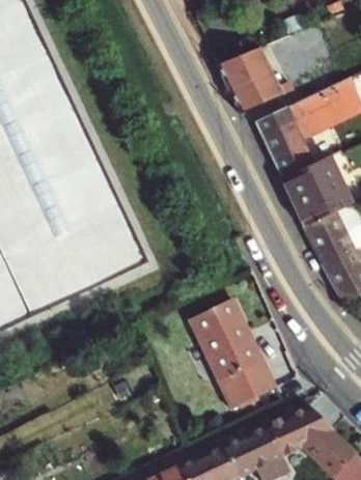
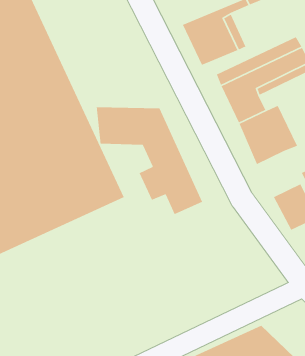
building: none -> [96,107,203,215]
building: [301,208,352,260] -> none
building: [187,302,270,410] -> none

